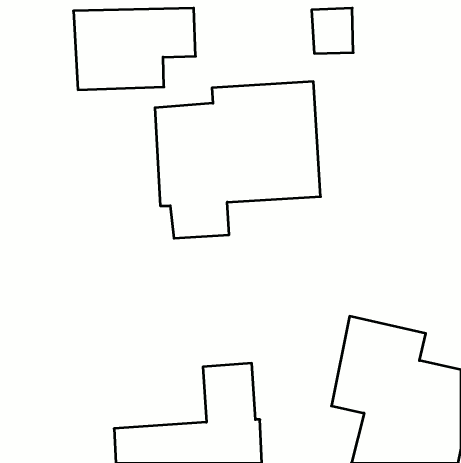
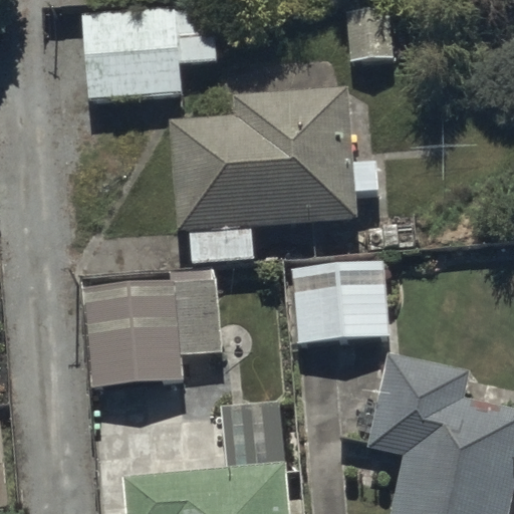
building: none -> [294,264,388,343]
building: none -> [80,276,224,386]

